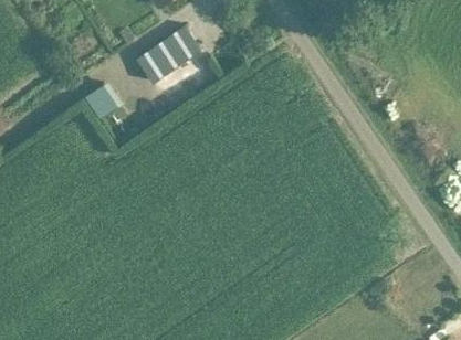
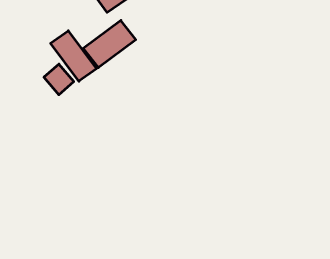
building: none -> [51,31,96,81]

